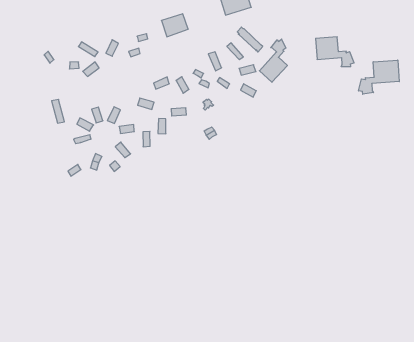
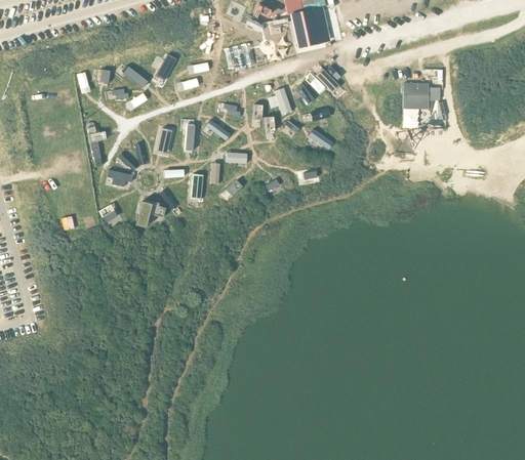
building: [259,39,287,82] -> none
building: [359,60,399,94] -> none

